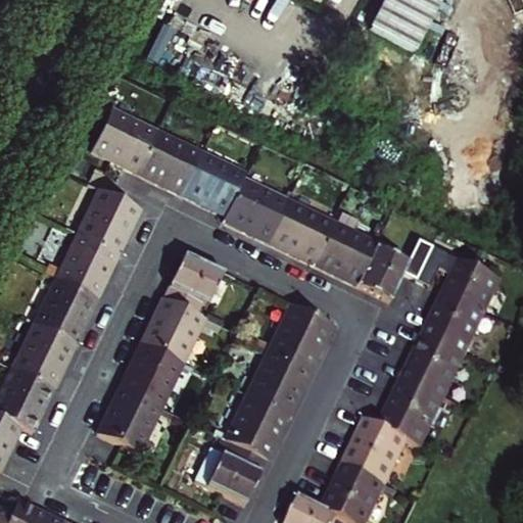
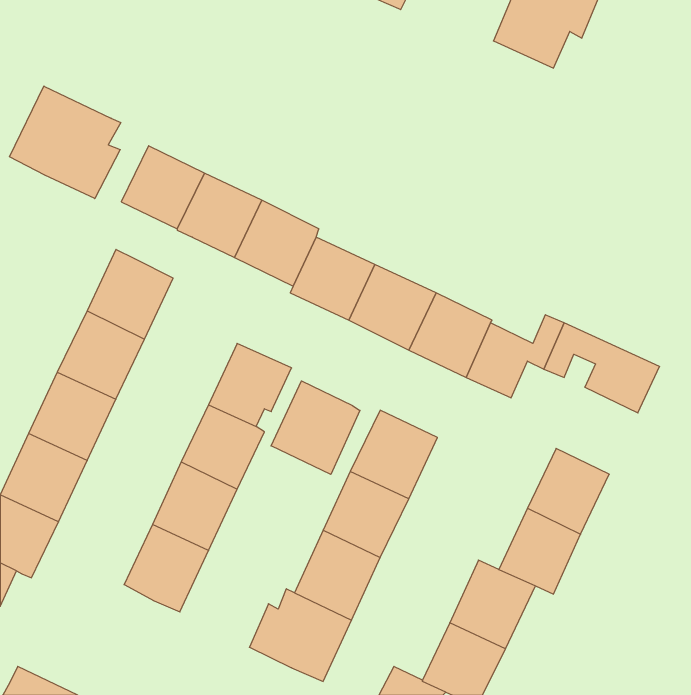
building: none -> [9,86,121,199]
building: none -> [271,381,360,474]
building: [421,290,482,355] -> none

